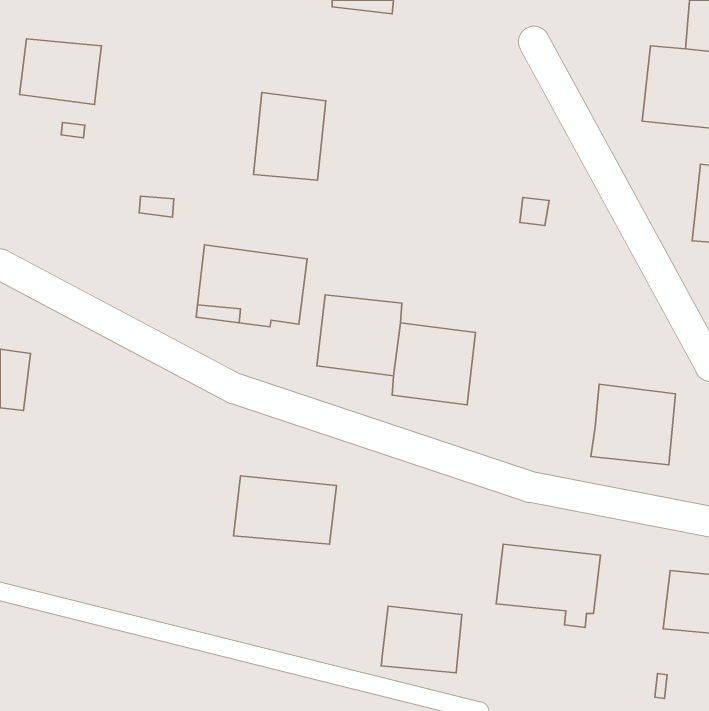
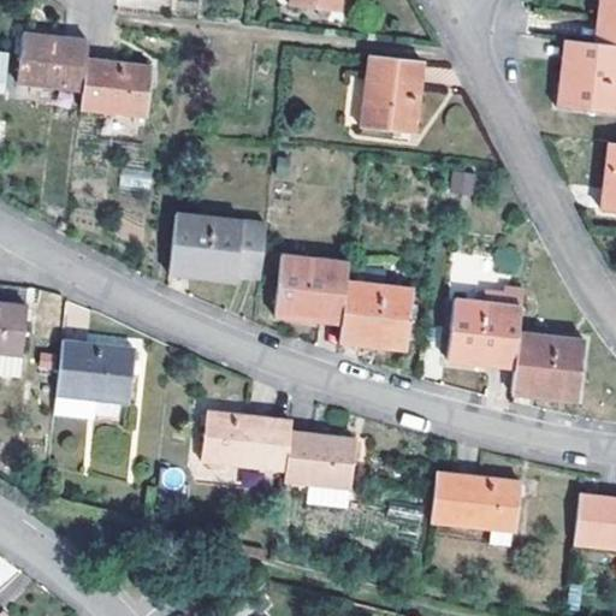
building: none -> [82,58,152,116]
building: [253,92,326,180] -> [361,55,424,131]
building: none -> [449,300,522,369]
building: none -> [57,340,135,404]
building: [381,606,462,673] -> [285,430,355,487]

